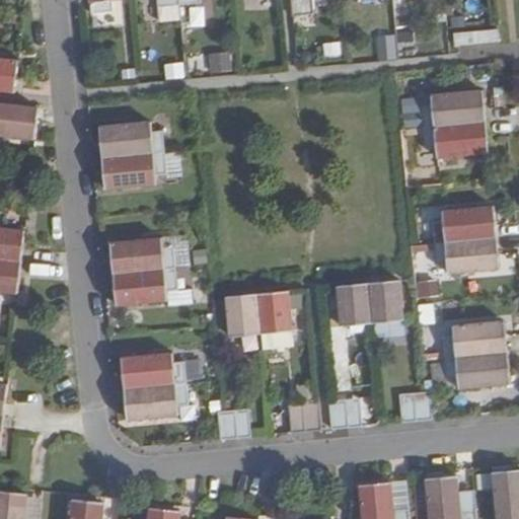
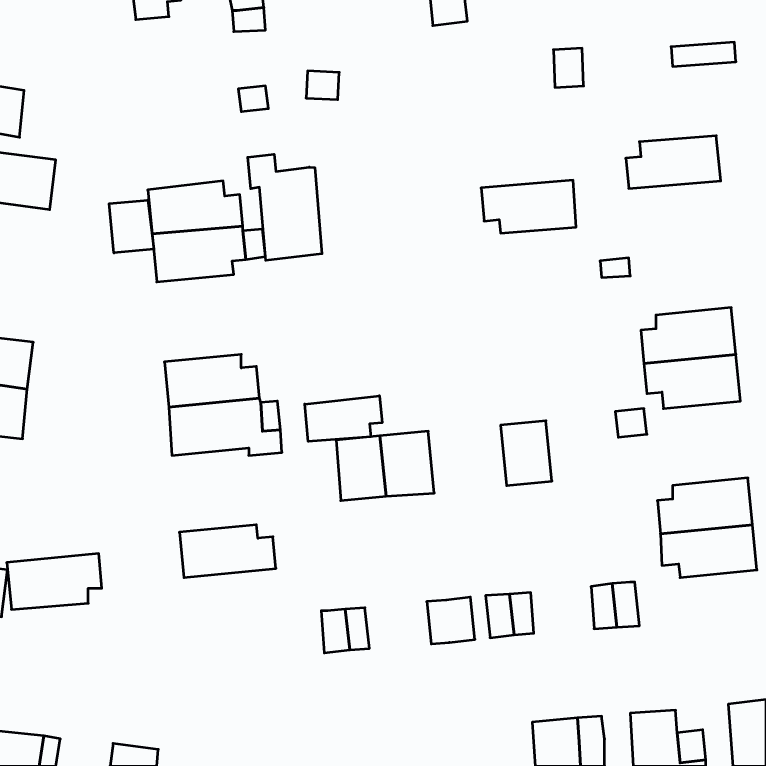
building: none -> [248,154,322,260]
building: [423,122,487,157] -> [481,180,576,233]
building: none -> [109,200,154,253]
building: none -> [305,396,382,441]
building: [367,280,402,323] -> none
building: [124,382,188,420] -> [7,554,102,609]

